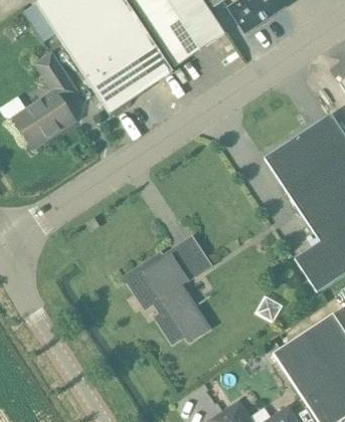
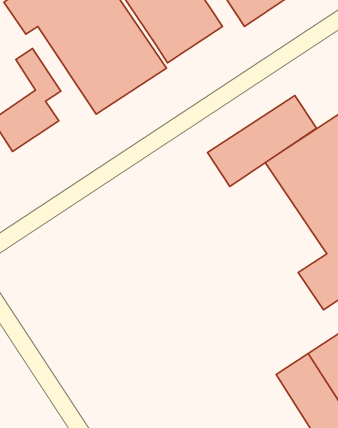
building: none -> [207,95,316,187]
building: [126,236,210,342] -> none

